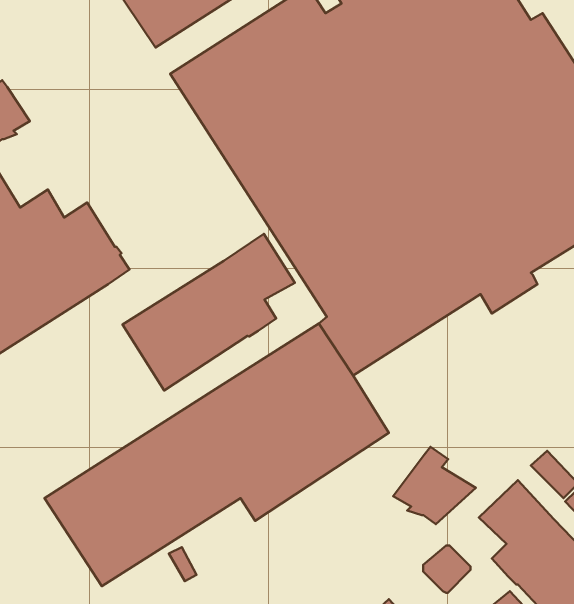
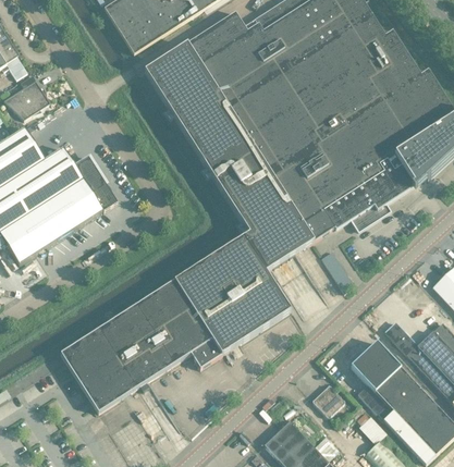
building: [123,234,295,390] -> none
building: [393,447,476,524] -> none

